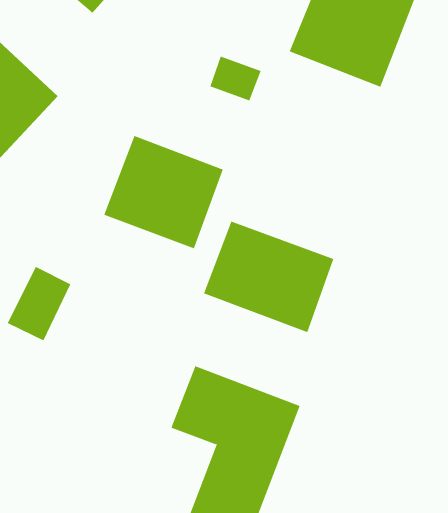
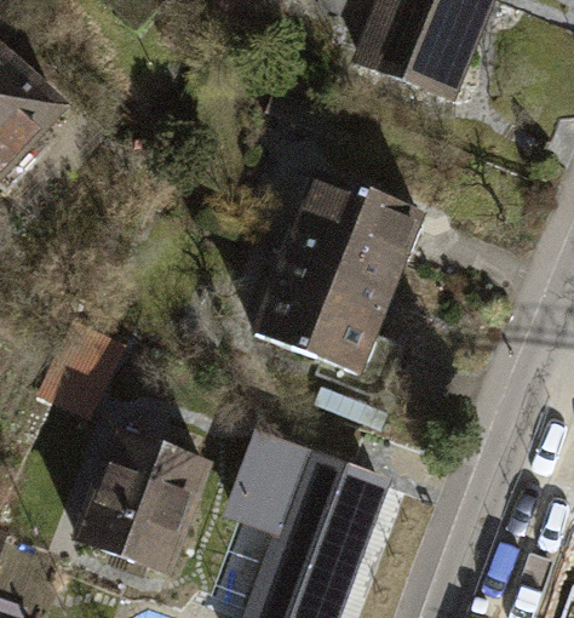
building: [103,135,224,249] -> none
building: none -> [291,173,441,302]
building: none -> [68,422,193,556]

